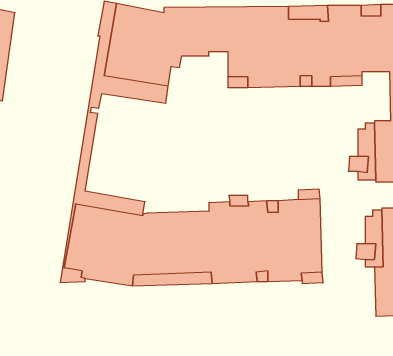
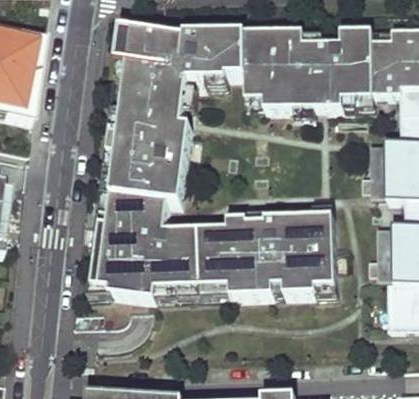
building: none -> [112,112,197,215]

